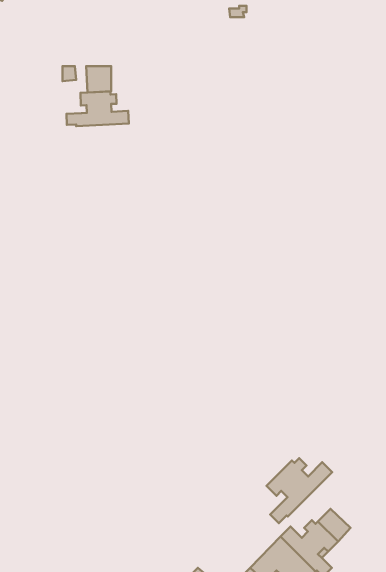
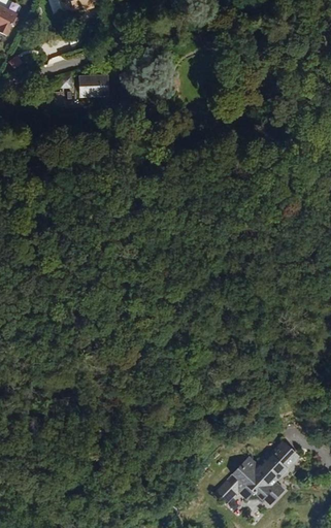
building: [66,91,129,126] -> none
building: [267,458,332,523] -> none

